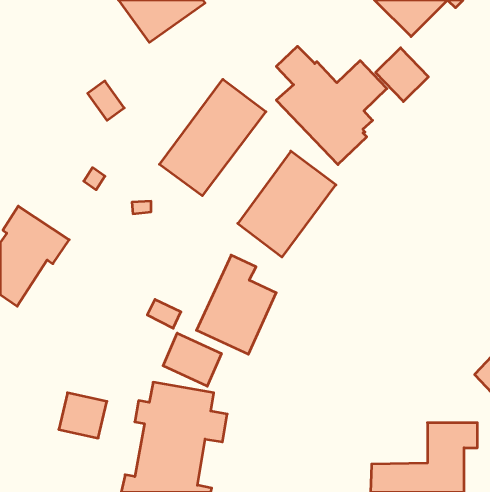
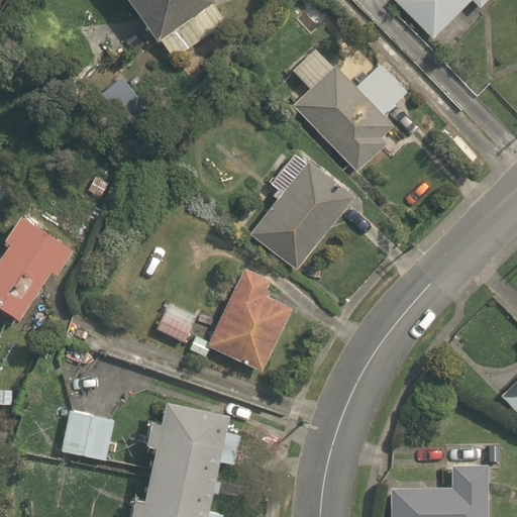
building: [376,48,428,102] -> none
building: [159,79,266,196] -> none
building: [163,333,221,386] -> none

